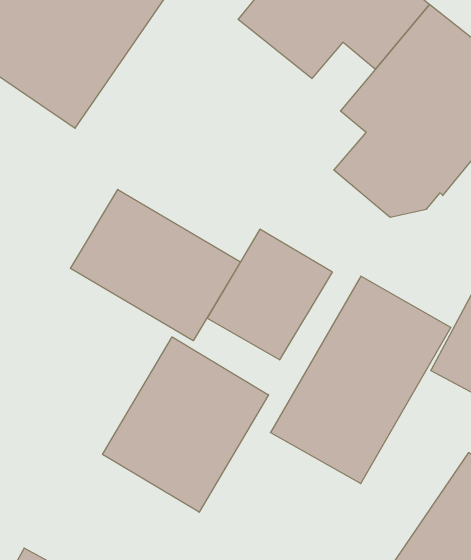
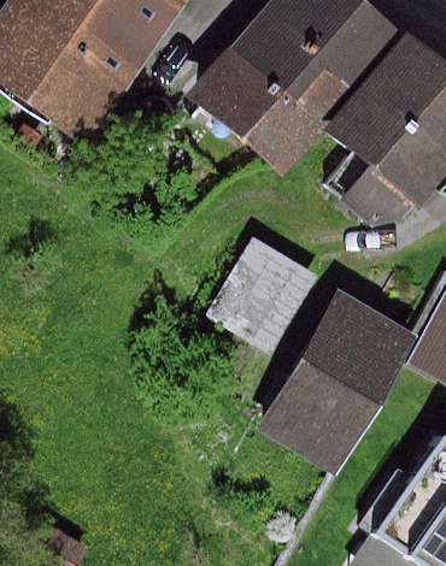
building: none -> [195,48,357,172]
building: [70,189,240,341] -> none
building: [103,337,269,512] -> none

